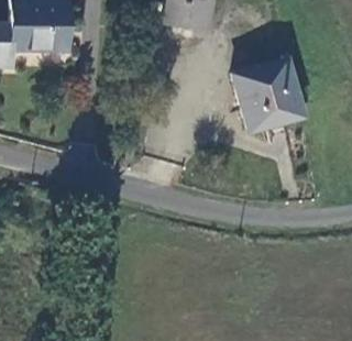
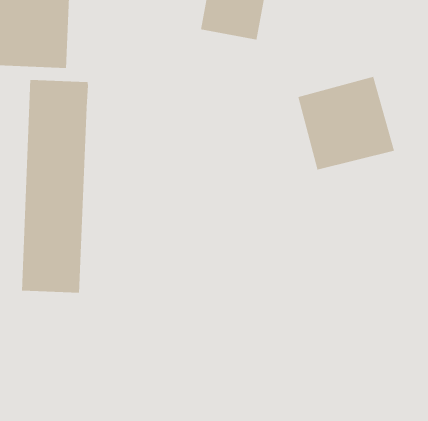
building: none -> [21,79,89,293]

